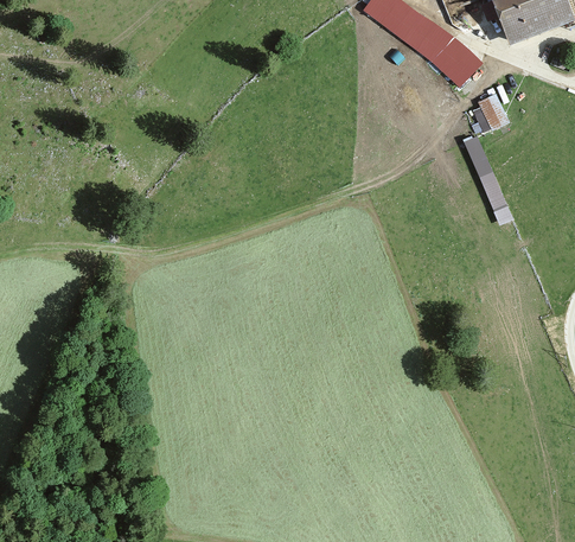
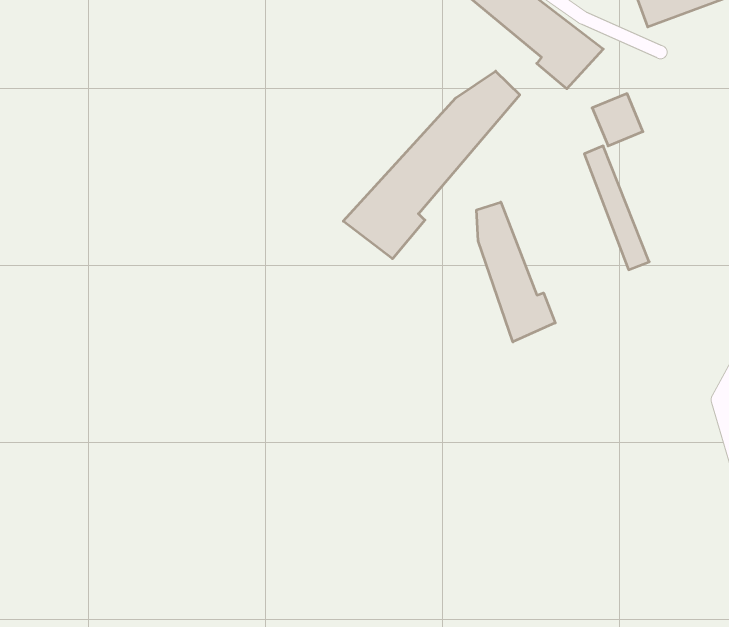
building: none -> [343,71,520,259]
building: none -> [477,202,555,342]

